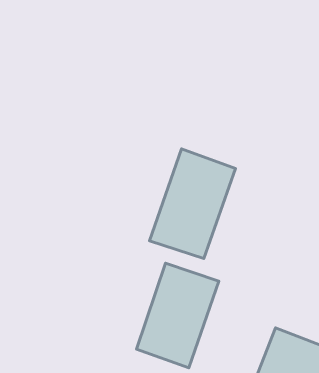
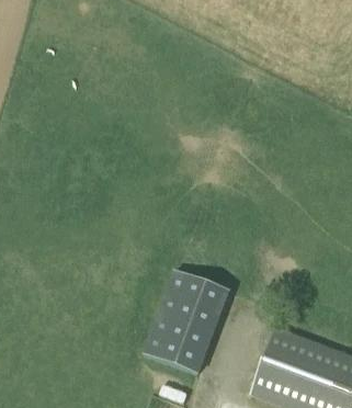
building: [150,149,236,259] -> none

